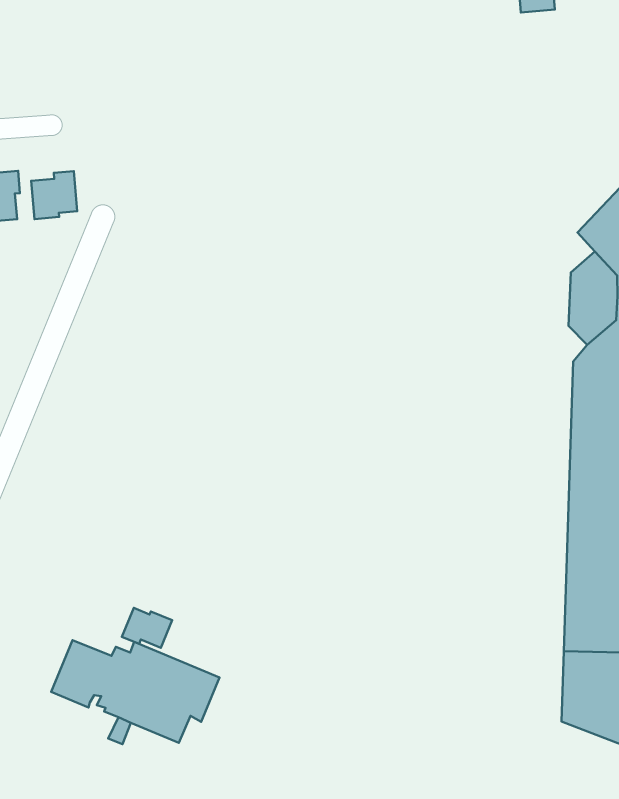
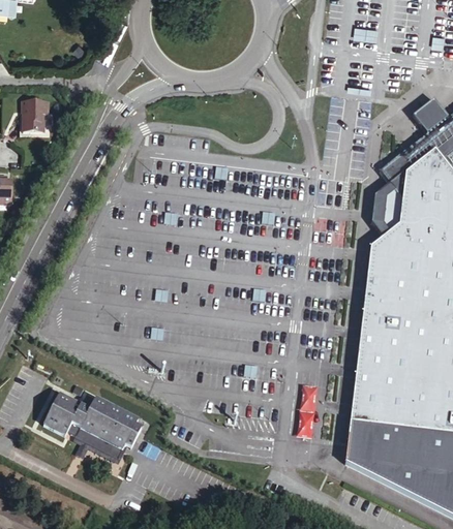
building: [31,171,77,219] -> none
building: [122,608,172,648] -> none

